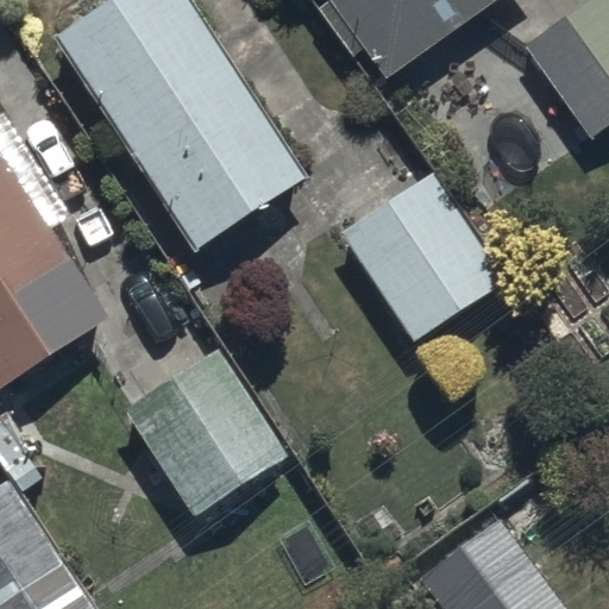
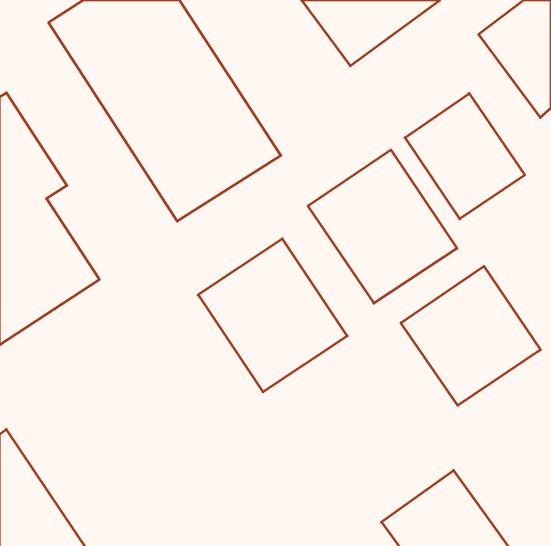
building: none -> [405,93,525,219]
building: none -> [401,266,540,405]
building: [123,347,287,516] -> [198,239,347,392]

